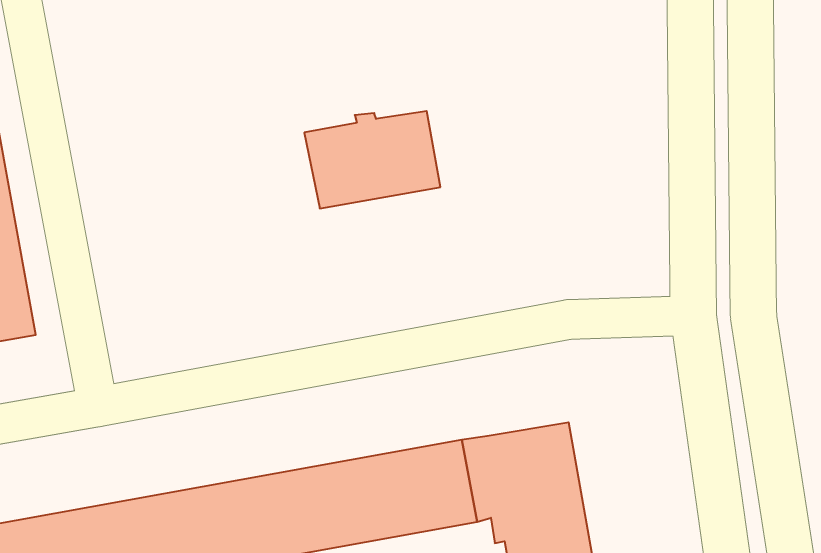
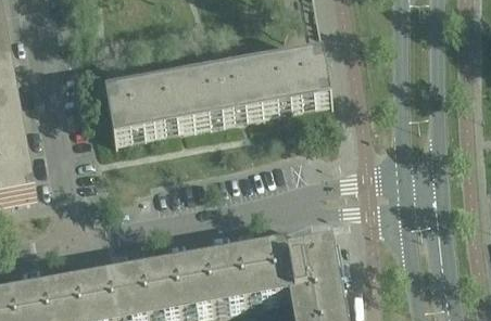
building: none -> [249,50,326,107]
building: none -> [101,77,189,136]

